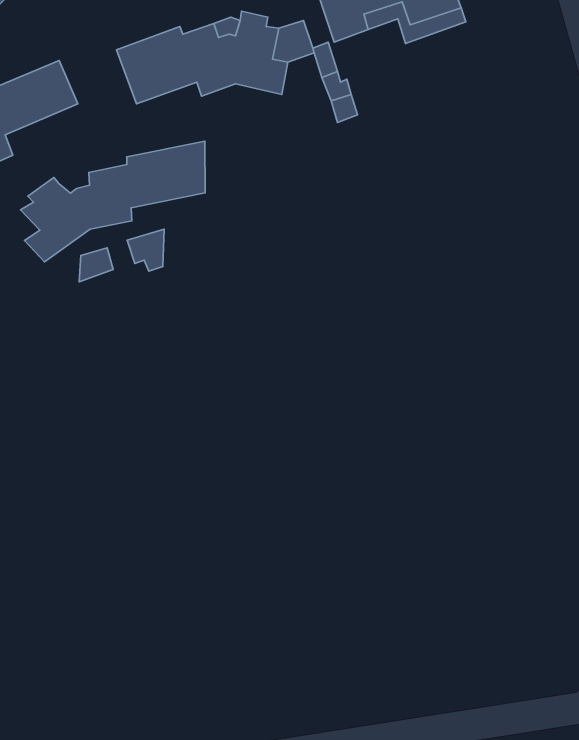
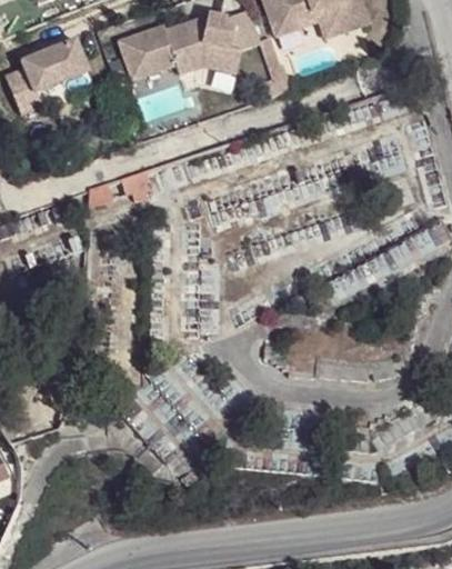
building: [21,141,205,262] -> none

